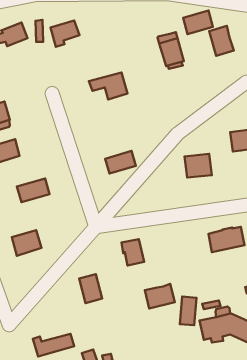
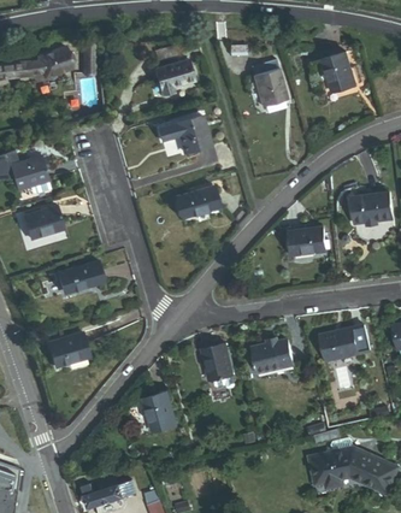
building: [183,11,213,34] -> none
building: [50,20,79,47] -> [154,60,194,96]
building: [105,151,136,174] -> [176,187,218,218]
building: [145,284,175,308] -> [252,340,293,373]
building: [180,297,196,325] -> none

